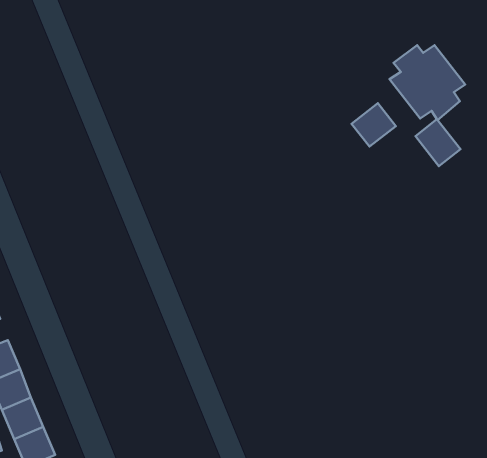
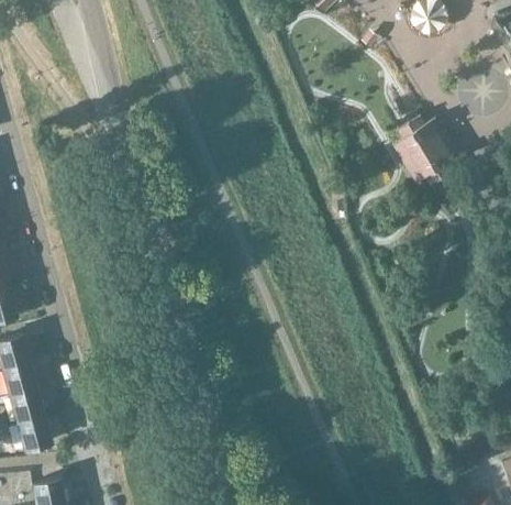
building: [352,103,396,147] -> none
building: [415,119,460,166] -> none

